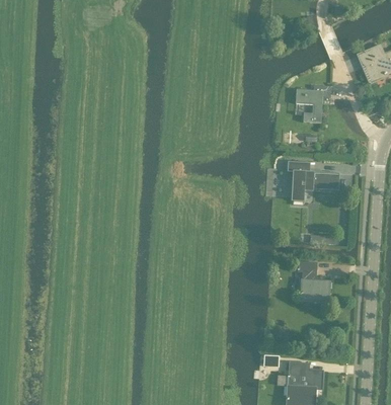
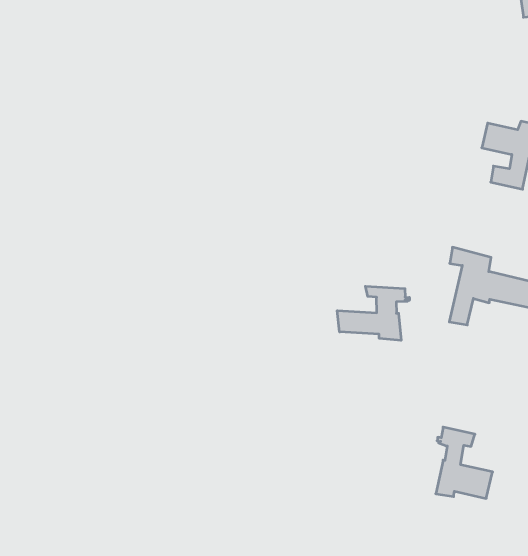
building: none -> [337,286,409,340]

